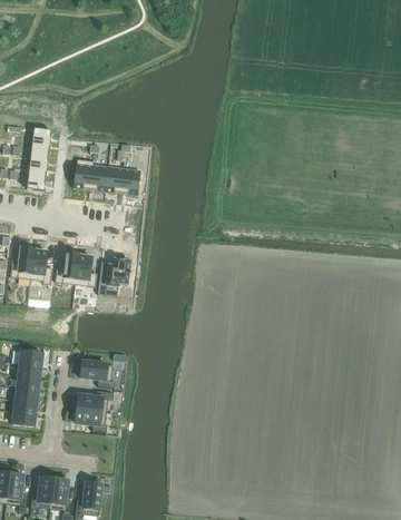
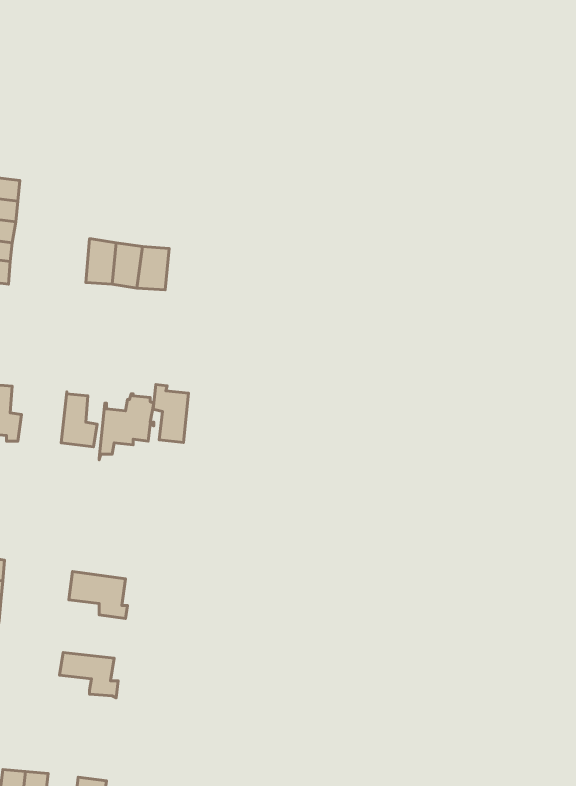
building: [74,157,94,188] -> none
building: none -> [153,385,188,442]
building: [56,251,79,283] -> none
building: [77,389,114,410] -> none

